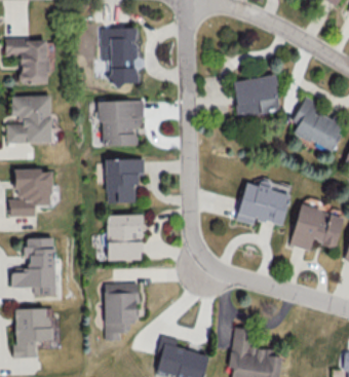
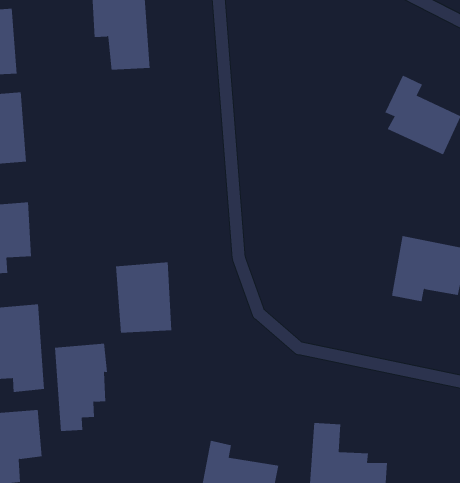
building: [233,74,281,117] -> none
building: [98,100,144,146] -> none
building: [106,158,145,203] -> none
building: [237,179,292,225] -> none
building: [105,282,140,340] -> [54,343,108,431]

